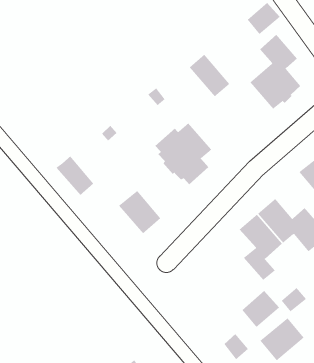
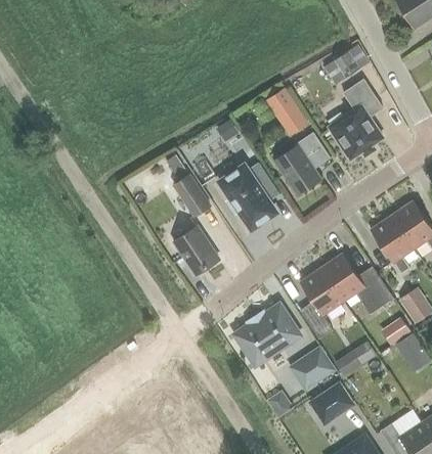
building: none -> [274,132,331,194]
building: [56,155,94,196] -> [172,173,211,217]
building: none -> [236,306,298,363]

